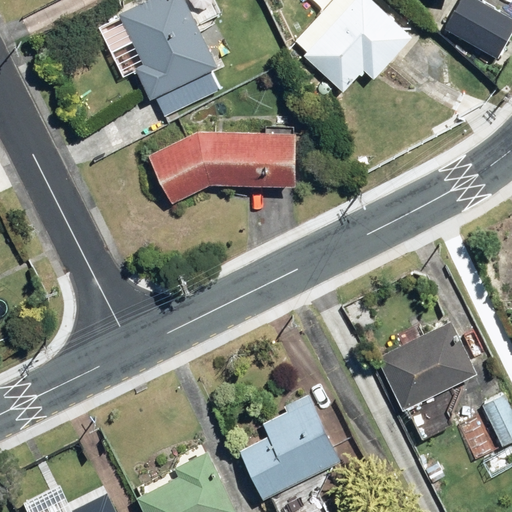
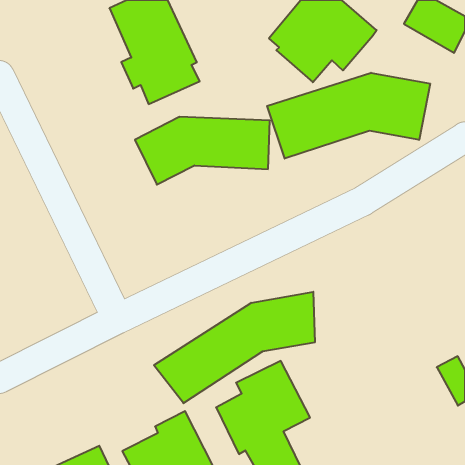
building: none -> [267,73,430,159]
building: none -> [154,292,315,403]
building: [378,325,471,439] -> none

